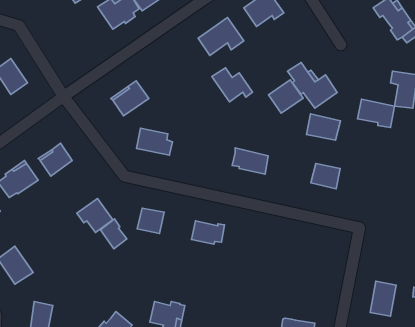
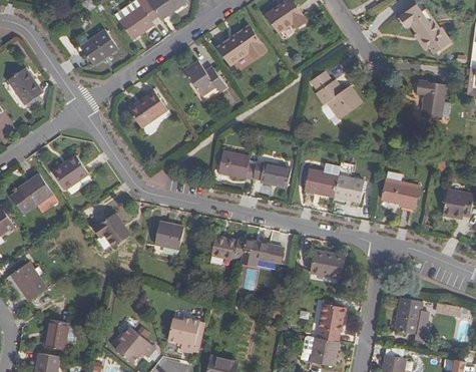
building: none -> [80,30,117,65]
building: [212,68,253,102] -> [183,61,225,96]
building: [268,80,303,113] -> none
building: [357,99,394,128] -> [380,179,418,209]
building: [307,114,340,140] -> [304,169,339,197]
building: [137,128,173,155] -> [218,151,256,179]
building: [100,219,127,249] -> none
building: none -> [241,240,282,266]
building: none -> [311,251,343,278]
building: none -> [318,304,345,341]

